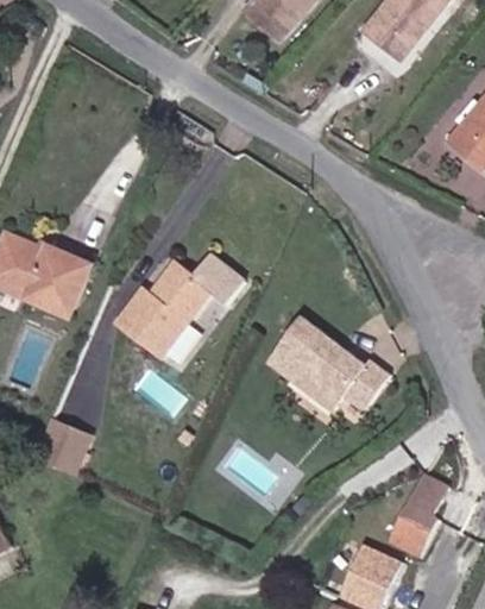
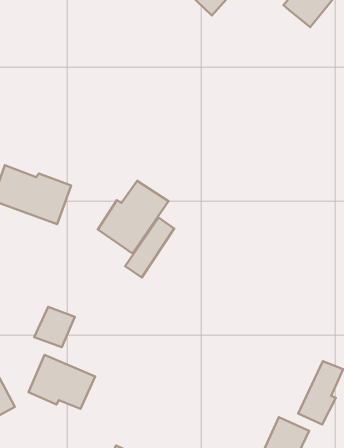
building: [265,328,385,414] -> none
building: none -> [29,355,95,409]

